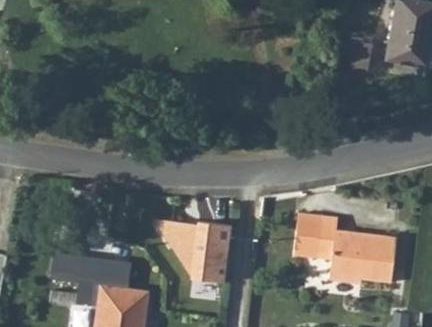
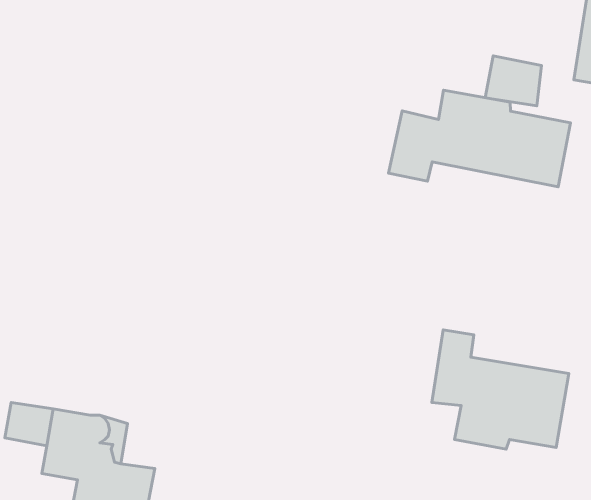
building: none -> [388,90,570,187]
building: [181,221,246,283] -> none

